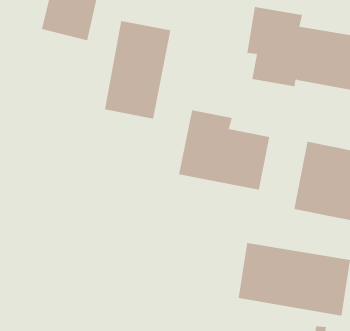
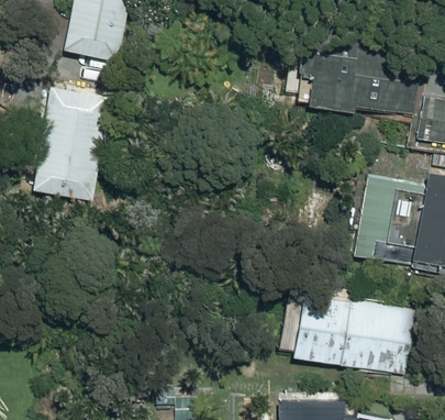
building: [104,21,171,119] -> [31,86,108,199]
building: [178,110,270,190] -> none

